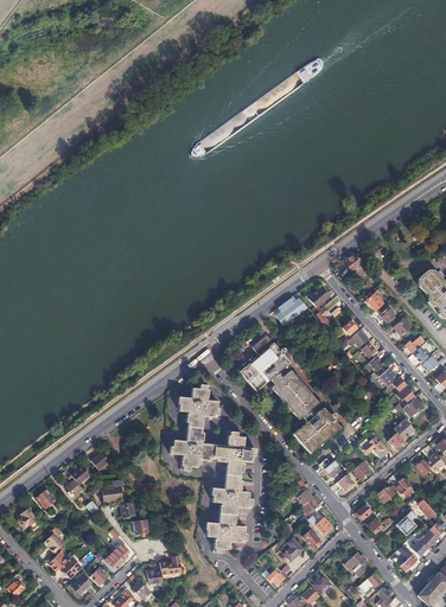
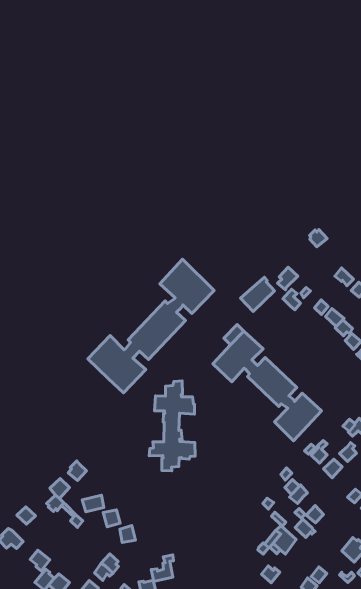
building: none -> [88,259,214,393]
building: [206,430,253,552] -> none

